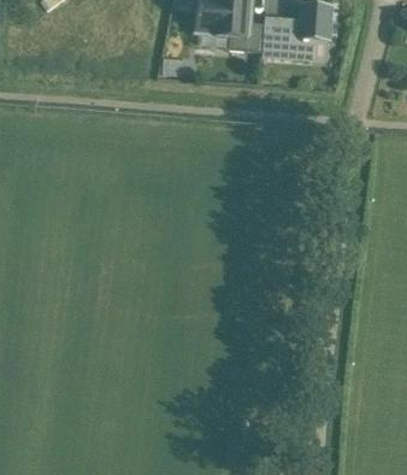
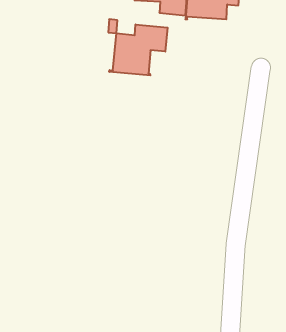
building: none -> [109,24,168,75]

